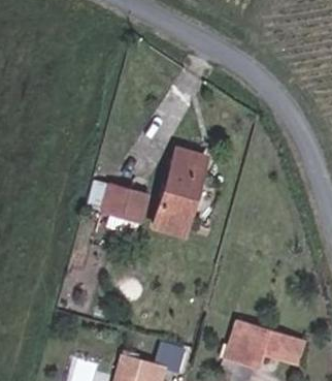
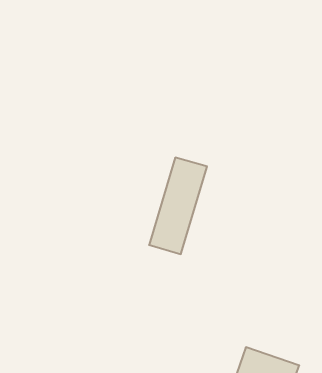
building: [105,185,147,221] -> none

